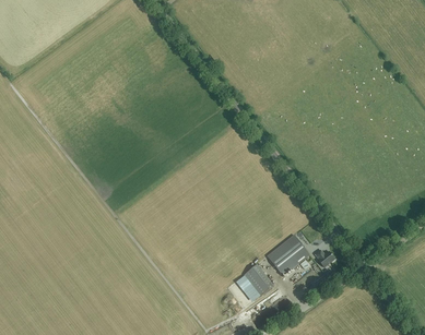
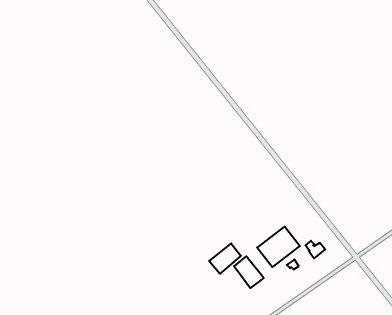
building: none -> [209,243,241,274]

